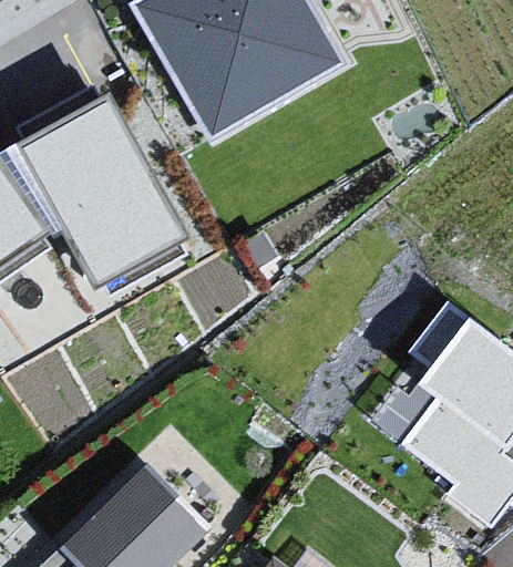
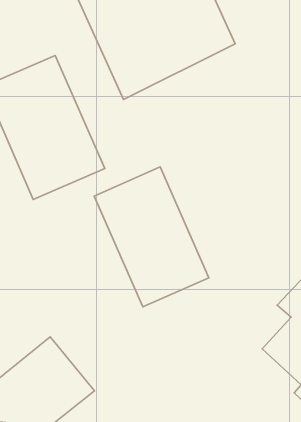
building: none -> [94,167,209,307]

